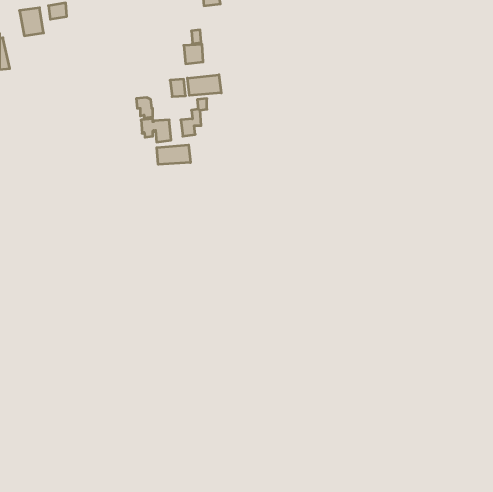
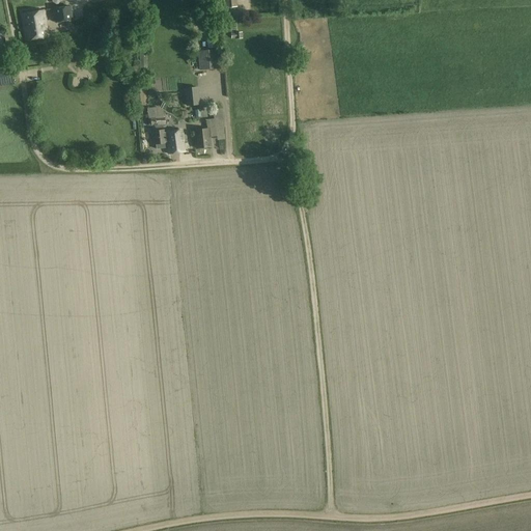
building: [187,75,221,95] -> none
building: [157,145,190,164] -> none

